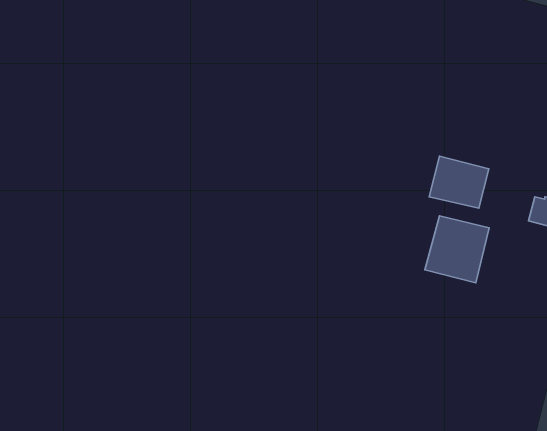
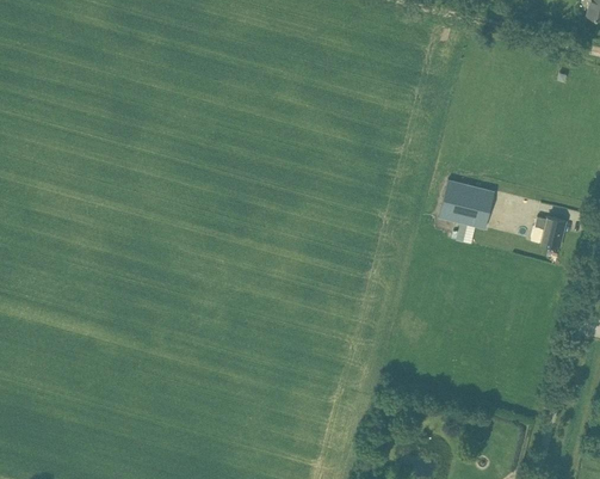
building: [425,216,489,283] -> none

